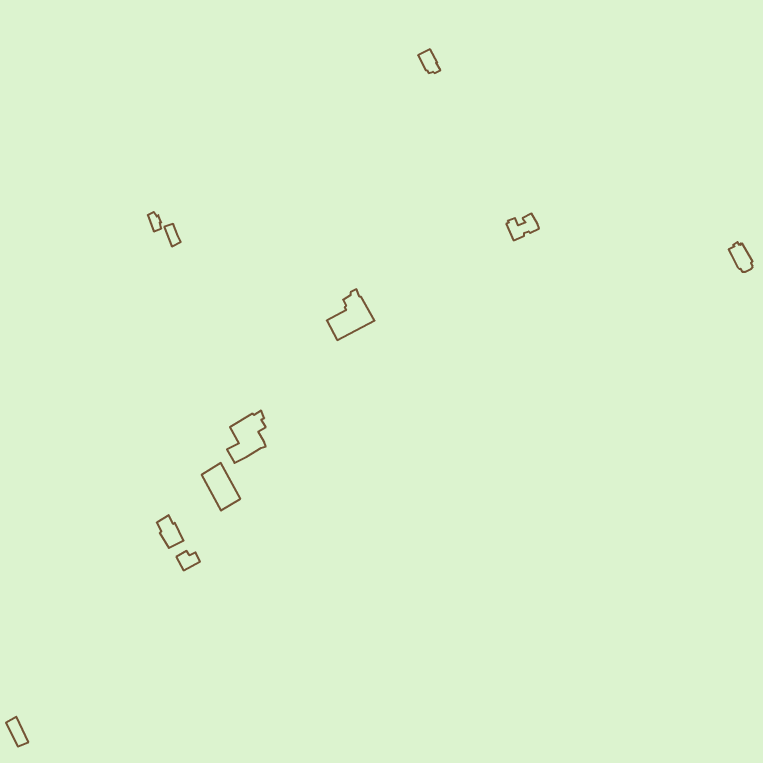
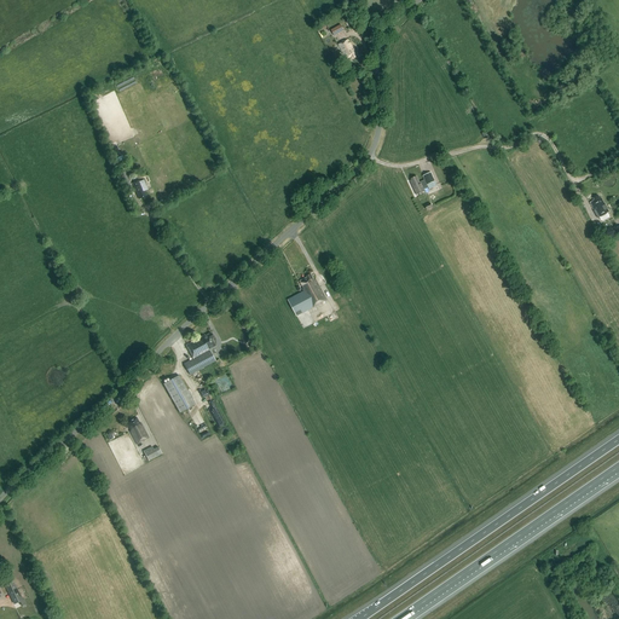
building: [327,289,375,340] -> [288,274,326,316]

